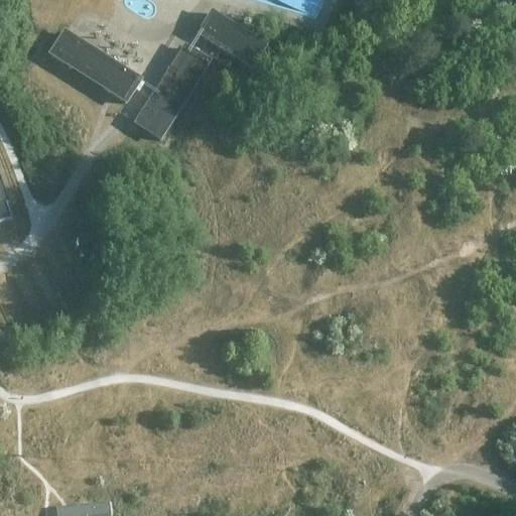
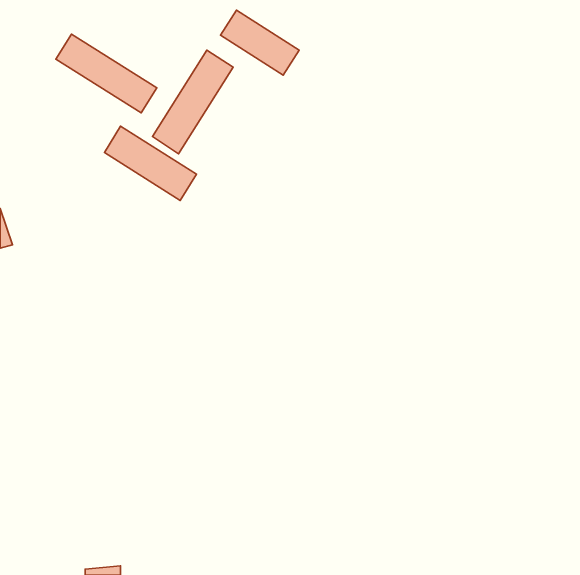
building: none -> [105,126,196,200]

